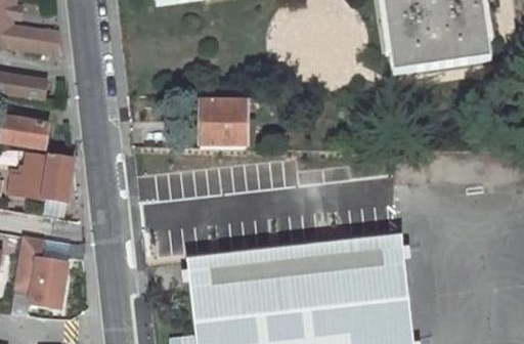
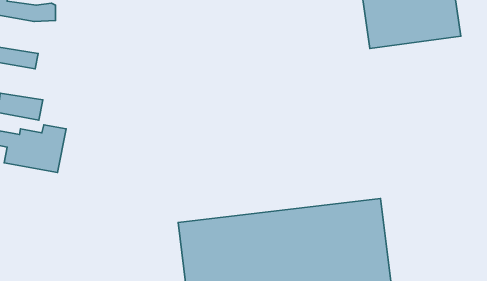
building: [201,100,247,147] -> none
building: [12,240,66,313] -> none

